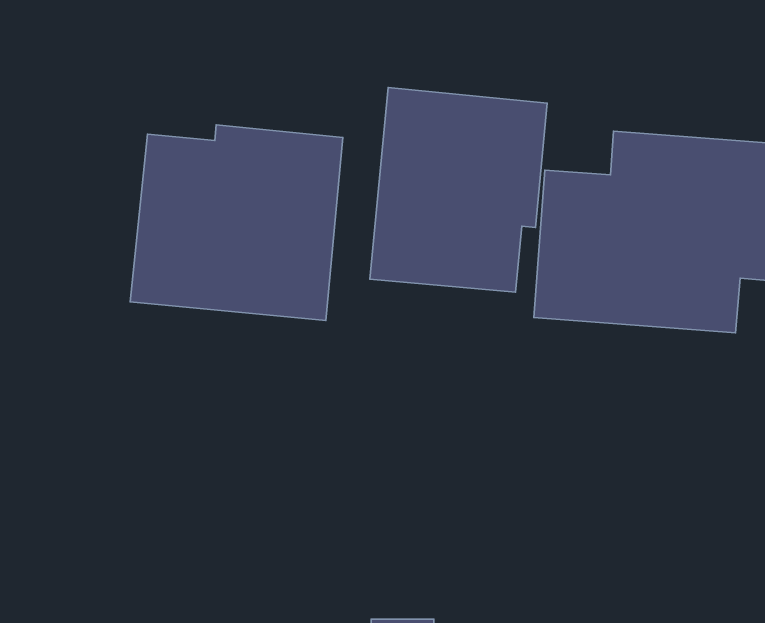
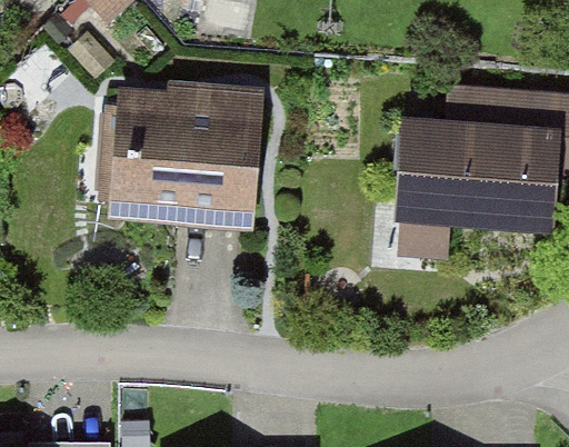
building: [370,88,547,292] -> none

